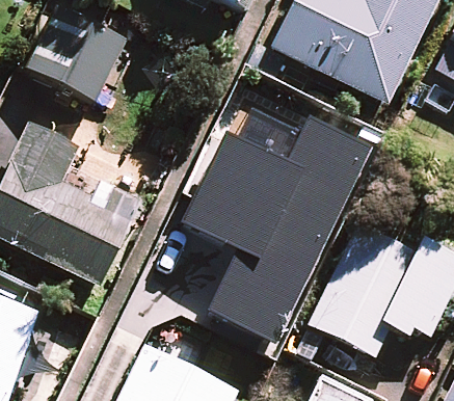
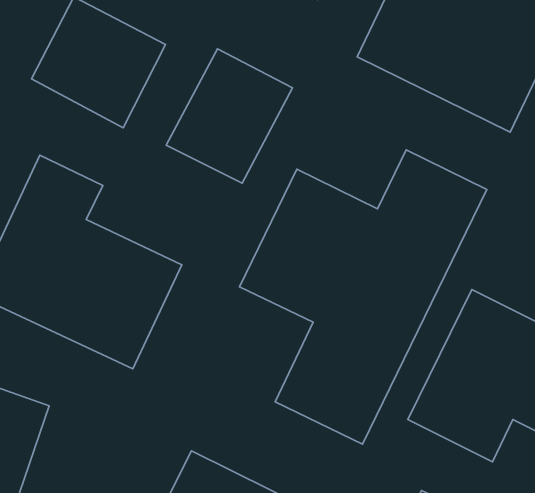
building: none -> [166,49,292,183]

